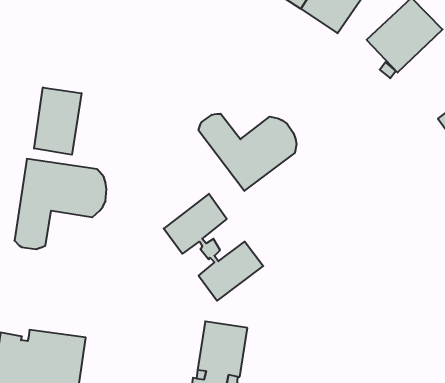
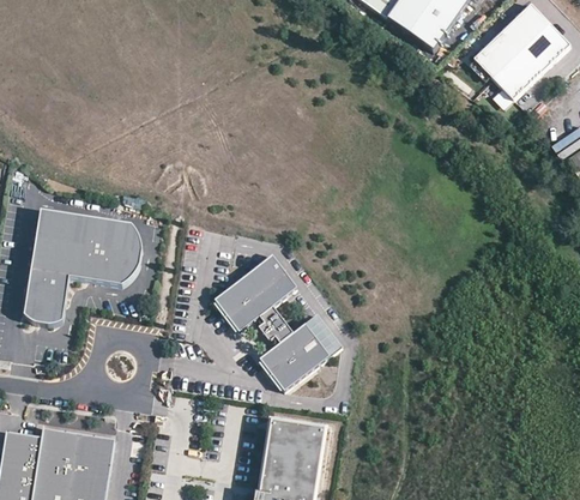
building: [34,87,81,155] -> none
building: [199,114,297,191] -> none

